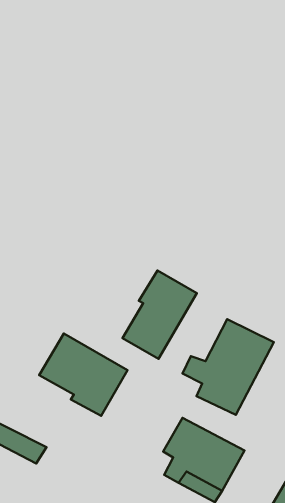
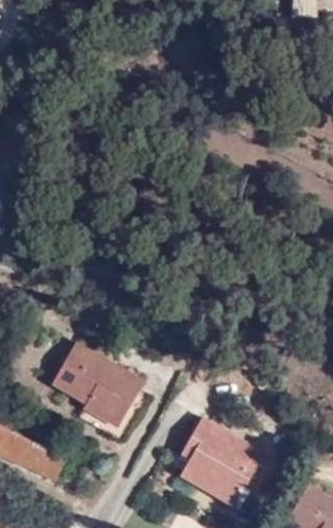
building: [122,270,197,359] -> none
building: [183,319,274,415] -> none

